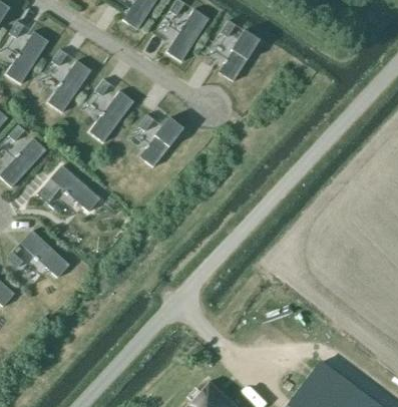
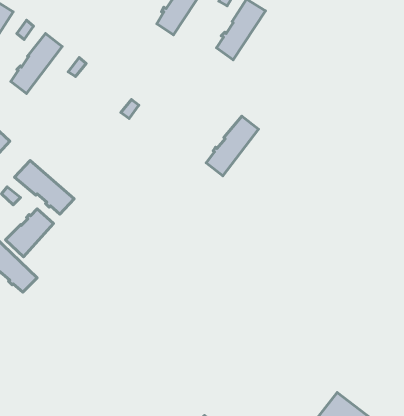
building: [88,91,132,141] -> none
building: [138,118,182,168] -> [206,116,259,176]
building: none -> [6,209,54,257]

